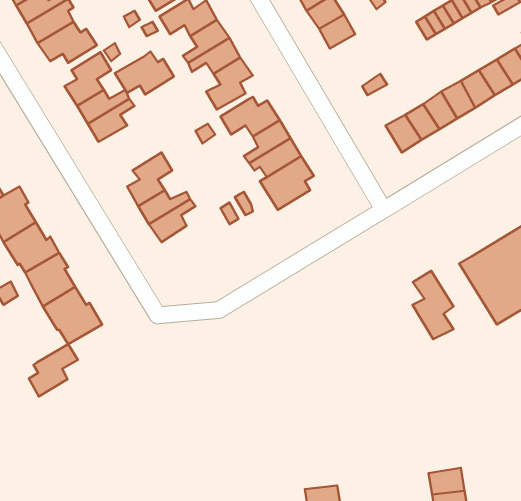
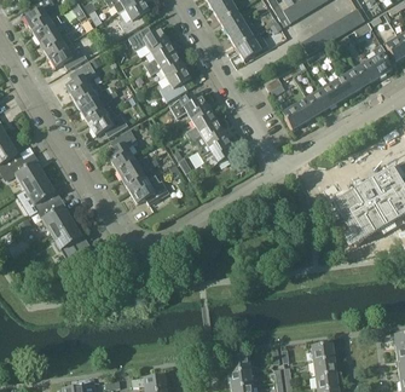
building: [115,52,174,95] -> [88,108,128,137]
building: none -> [131,179,169,204]
building: [413,271,454,339] -> none
building: [29,344,78,396] -> none

